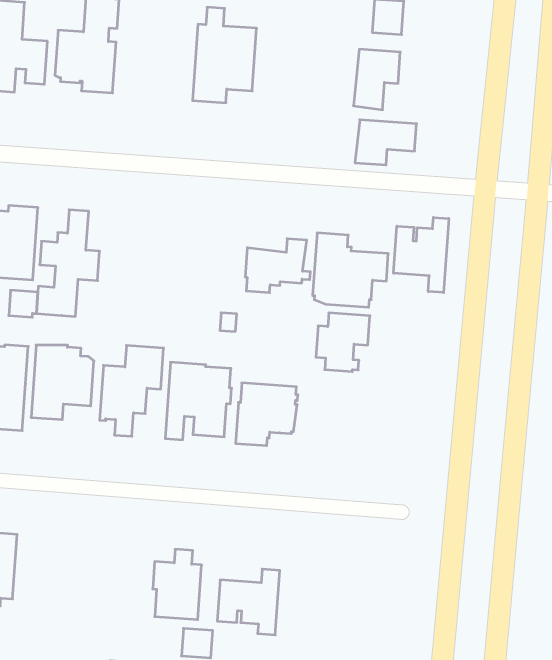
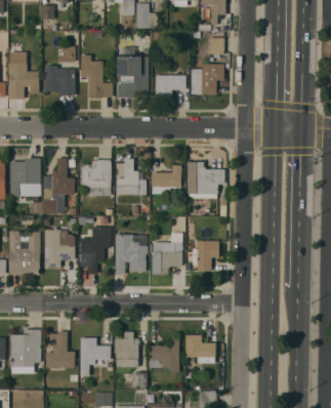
building: none -> [80,54,112,96]
building: [355,120,417,165] -> [155,75,185,97]
building: [394,217,449,293] -> none
building: none -> [80,160,111,196]
building: none -> [116,158,146,195]
building: [316,313,370,372] -> [192,241,218,271]
building: none -> [44,331,75,367]
building: none -> [80,337,111,376]
building: none -> [185,334,216,364]

